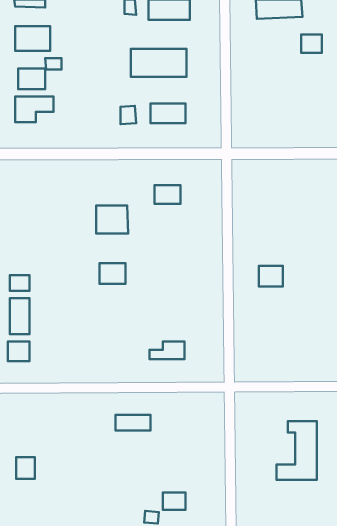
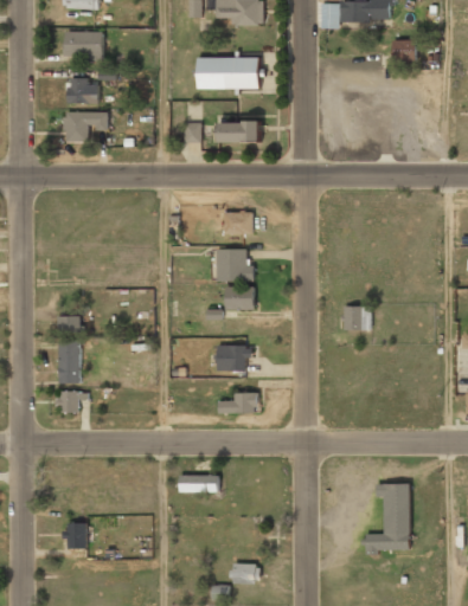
building: [96,206,128,233] -> [214,250,251,282]
building: [100,263,125,284] -> [223,288,252,311]
building: none -> [217,347,249,370]

